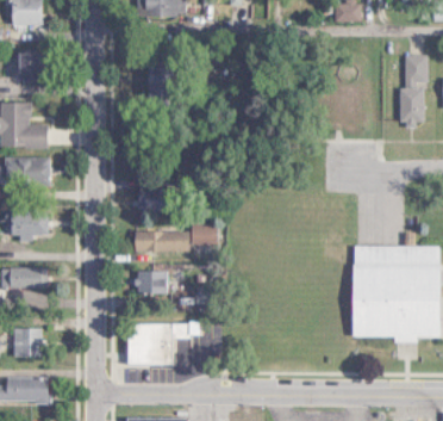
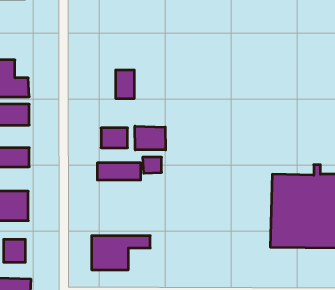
building: [18,51,42,82] -> none
building: [400,55,426,124] -> none
building: [148,62,171,98] -> [116,70,134,98]
building: none -> [135,126,166,150]
building: [135,271,167,293] -> none

